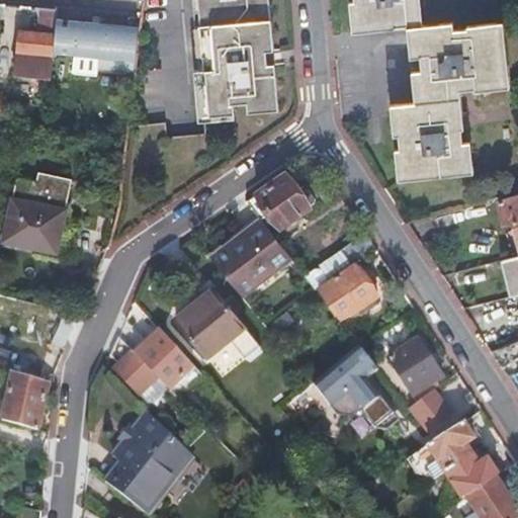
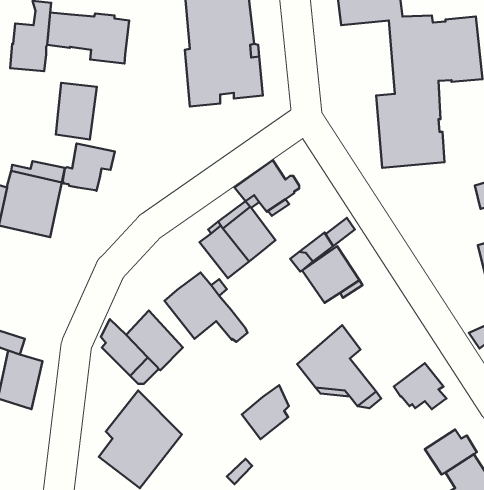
building: none -> [56,83,97,140]
building: none -> [63,143,115,191]
building: [388,340,441,395] -> none
building: none -> [242,385,289,439]
building: [408,422,477,481] -> none

